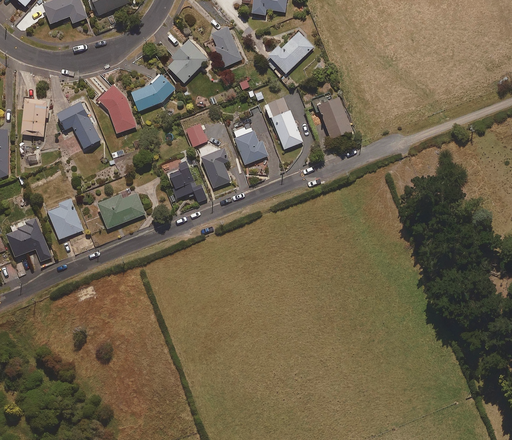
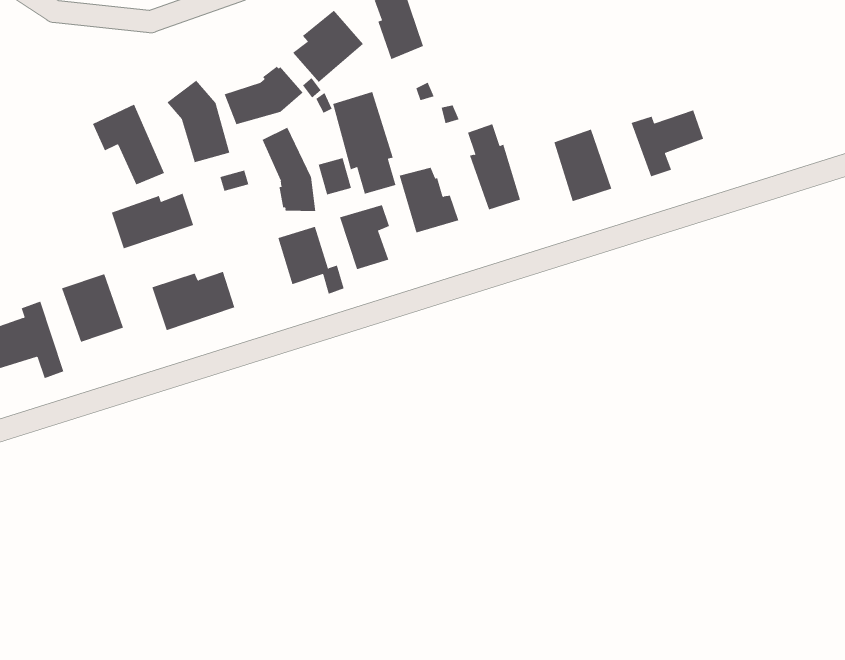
building: [269,32,313,73] -> none
building: none -> [631,109,704,177]
building: none -> [333,91,396,194]
building: [22,100,46,136] -> none
building: none -> [262,127,316,212]
building: none -> [111,193,194,249]

